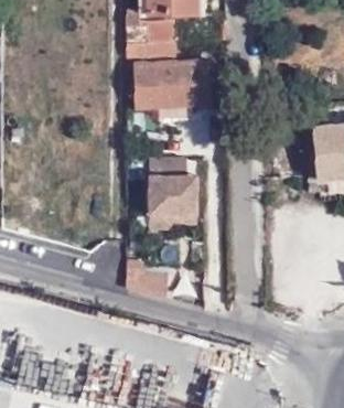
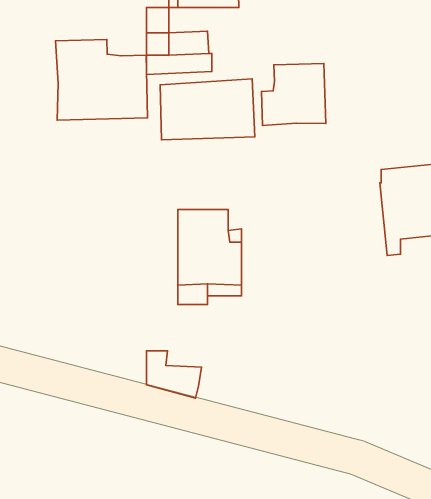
building: none -> [55,40,148,120]
building: none -> [261,63,326,126]

